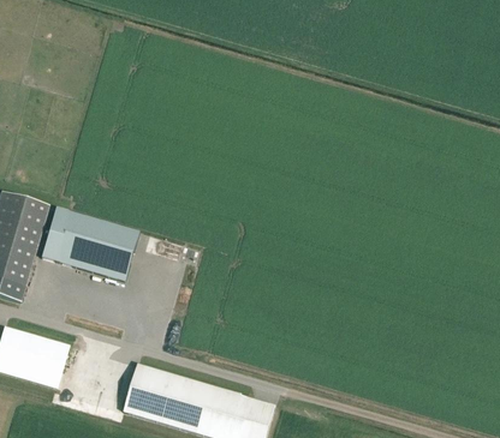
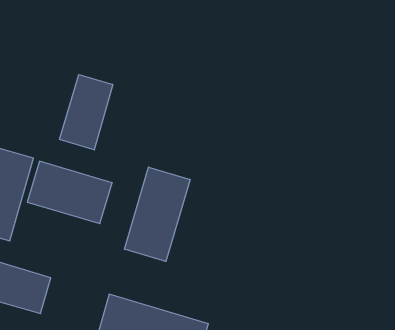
building: none -> [60,75,113,150]
building: none -> [124,167,190,262]

